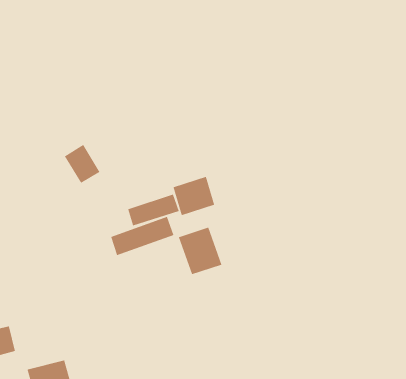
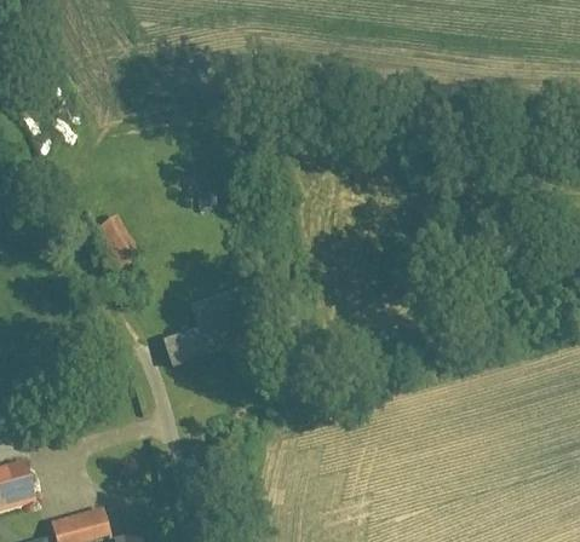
building: [172,176,215,216] -> none
building: [178,227,222,275] -> none

